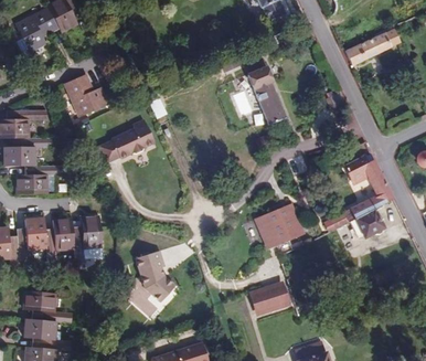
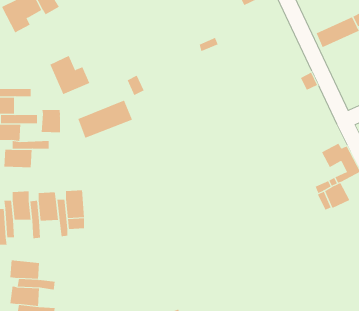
building: [245,60,287,127] -> none
building: none -> [41,109,60,133]
building: [255,206,296,247] -> none
building: [134,248,175,307] -> none
building: [259,287,290,316] -> none

